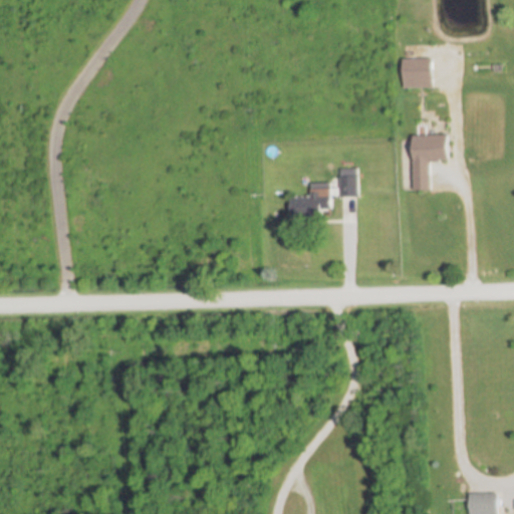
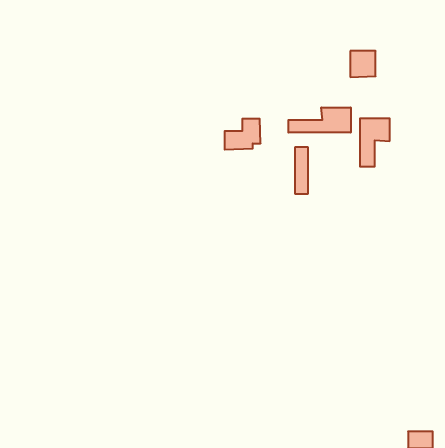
building: none -> [288,107,351,133]
building: [287,183,328,218] -> [225,119,261,150]

